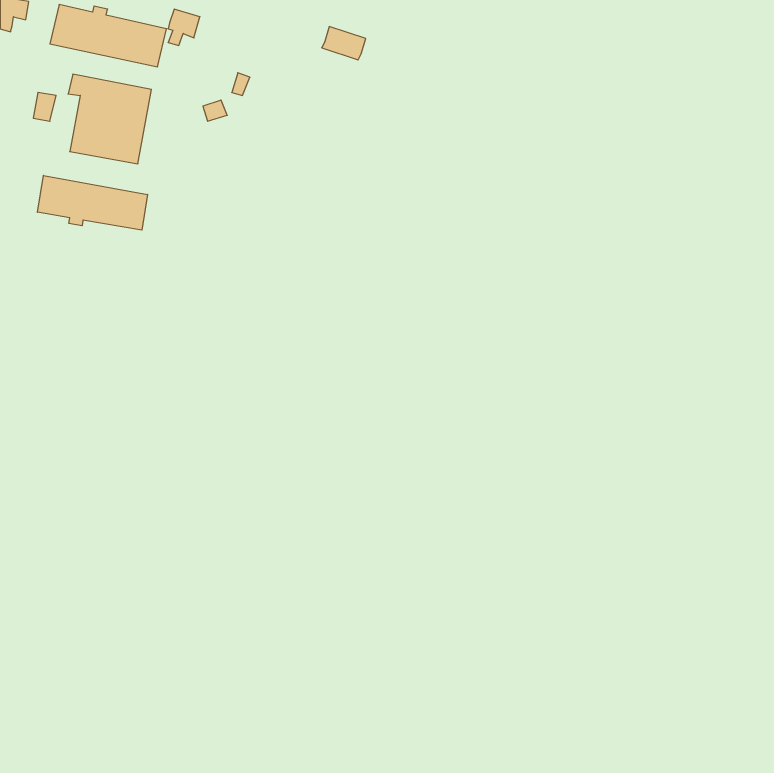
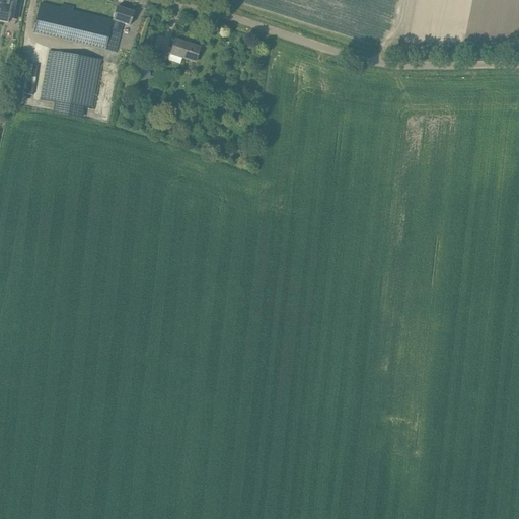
building: [322,27,366,60] -> [170,39,200,61]
building: [37,175,147,230] -> none

